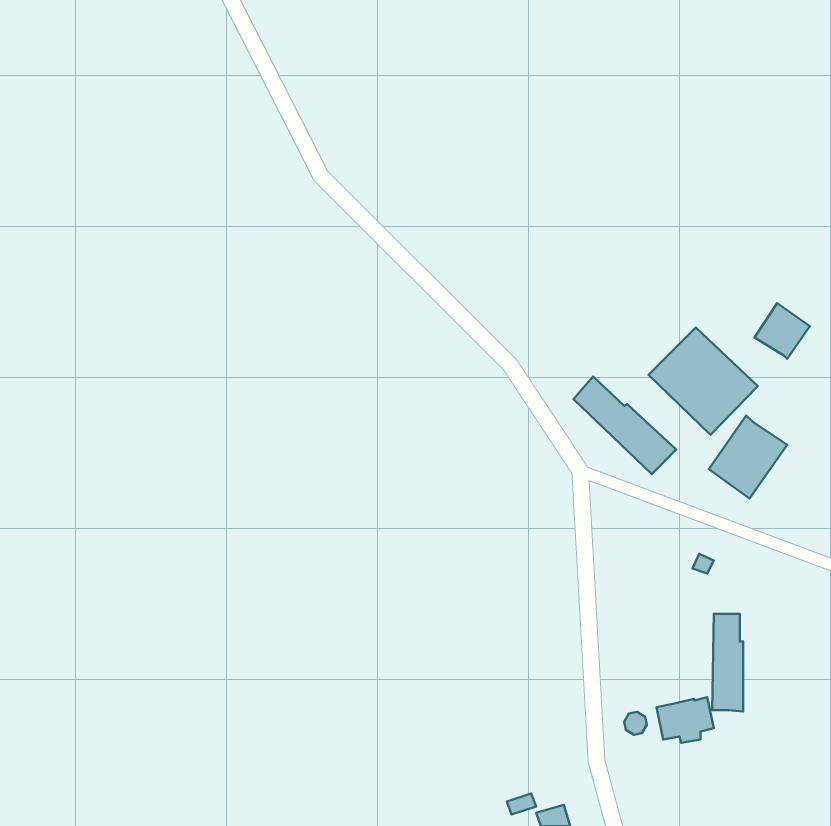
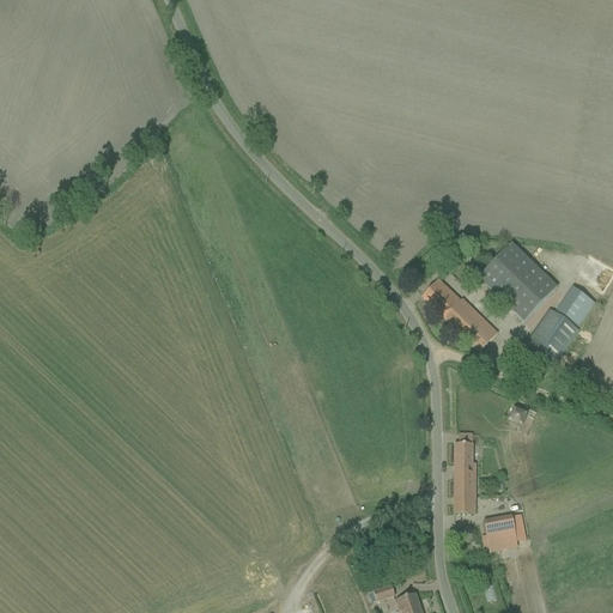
building: [754,303,810,359] -> [556,284,596,324]
building: [712,614,743,712] -> [454,441,477,512]

